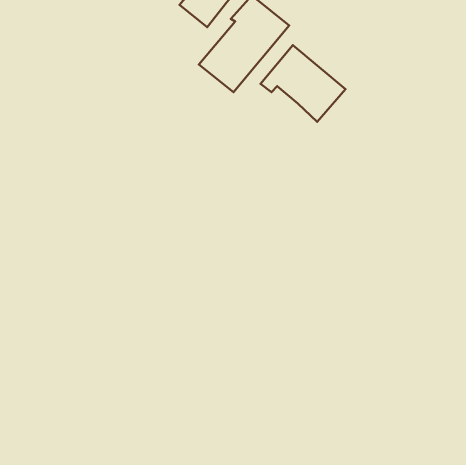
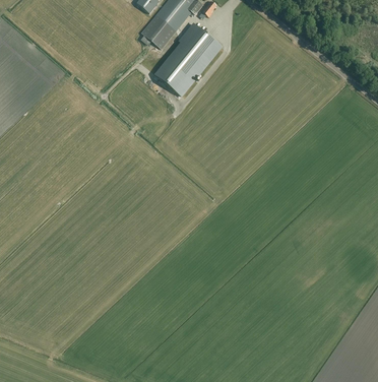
building: [260,45,346,122] -> none

